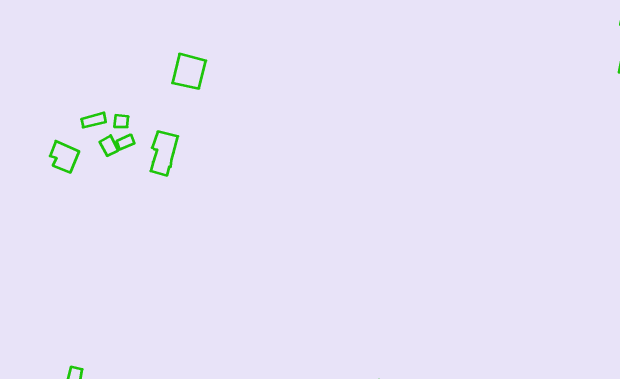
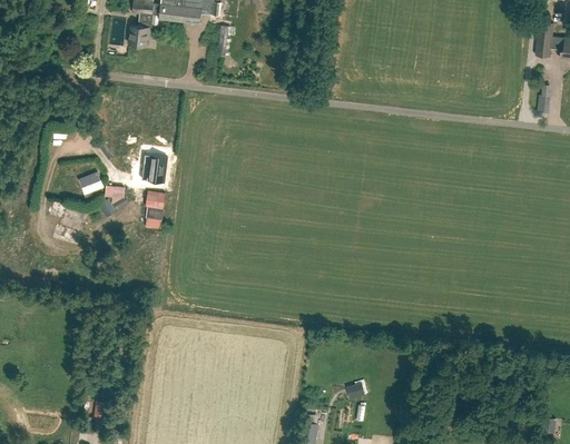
building: [172,54,206,88] -> [141,154,168,181]

